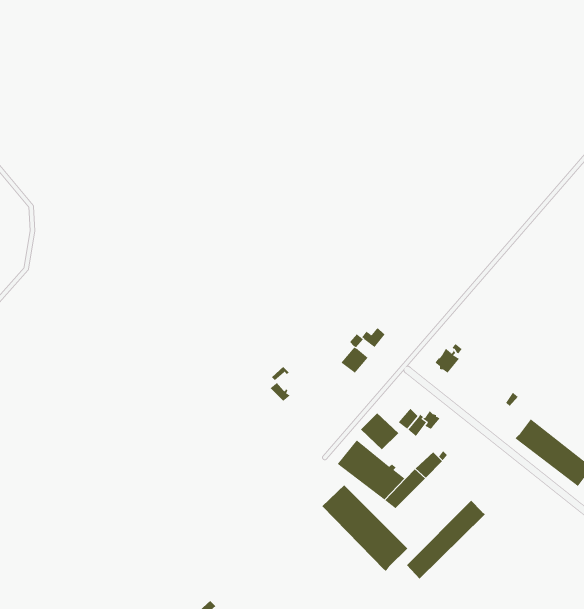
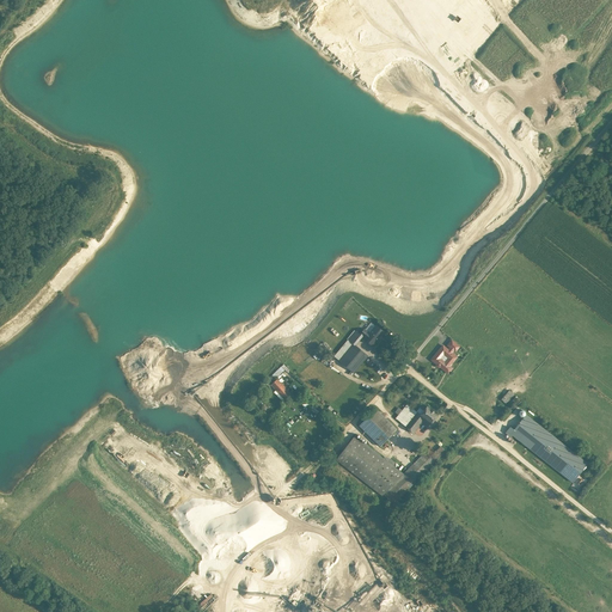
building: [322,485,408,572] -> none
building: [406,500,486,579] -> none

